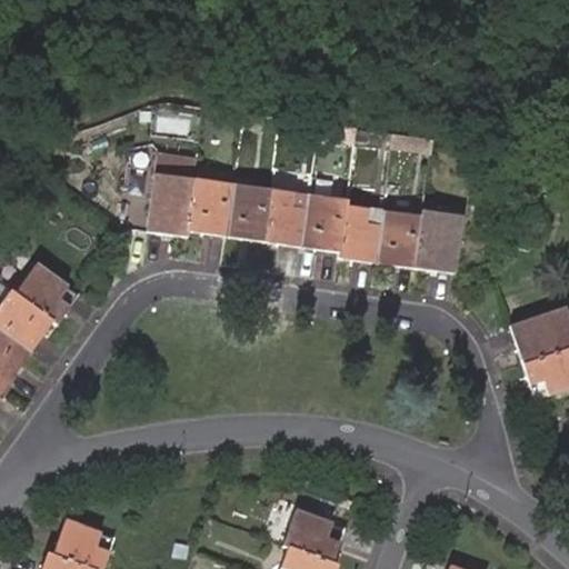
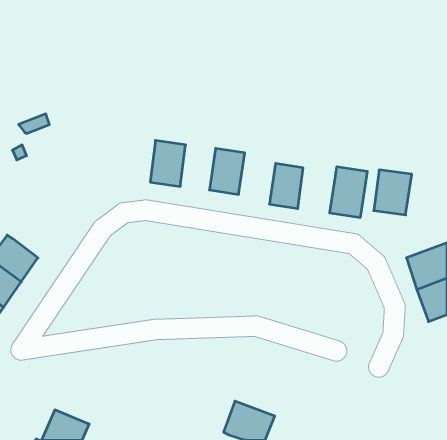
building: [144,170,196,237] -> none
building: [227,182,271,239] -> none
building: [300,192,348,250] -> none
building: [375,211,422,268] -> [374,170,412,215]
building: [16,267,81,330] -> none

